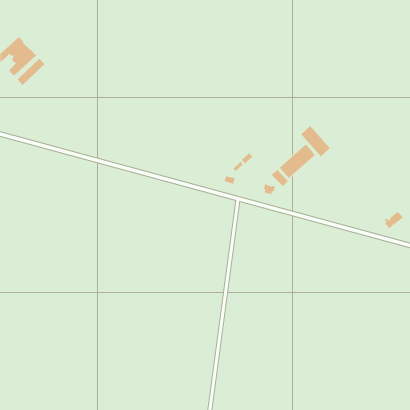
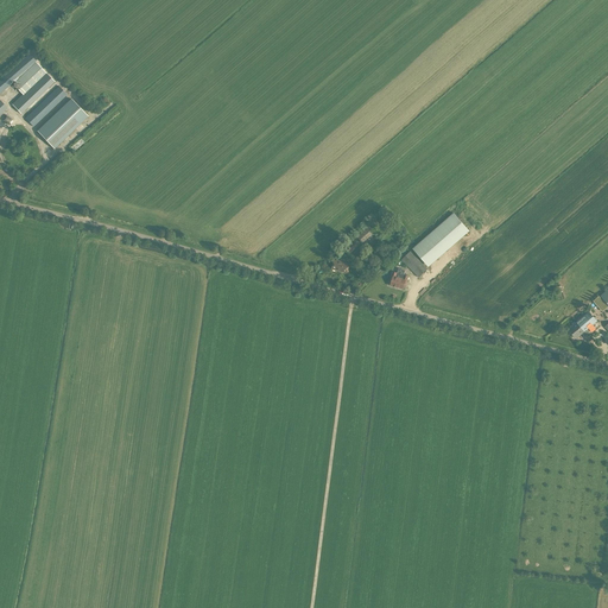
building: none -> [37,99,88,148]
building: [300,125,330,157] -> none

